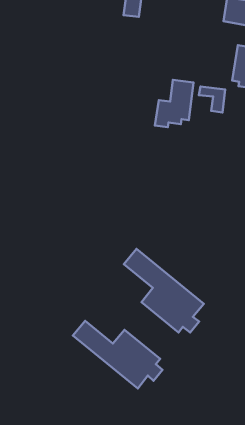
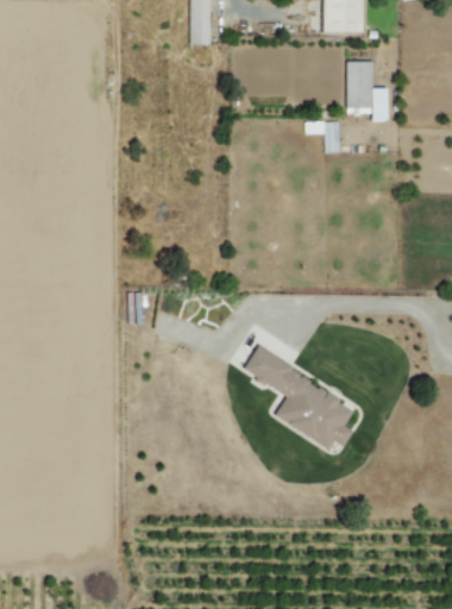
building: [155,80,194,127] -> none
building: [73,321,162,389] -> none

